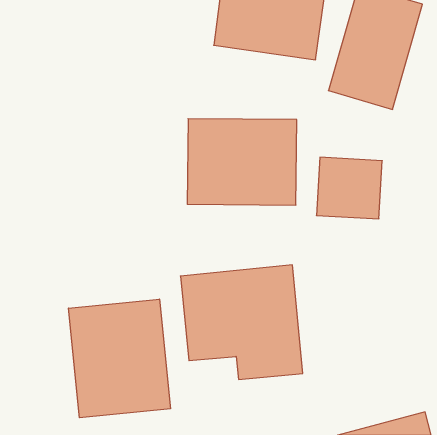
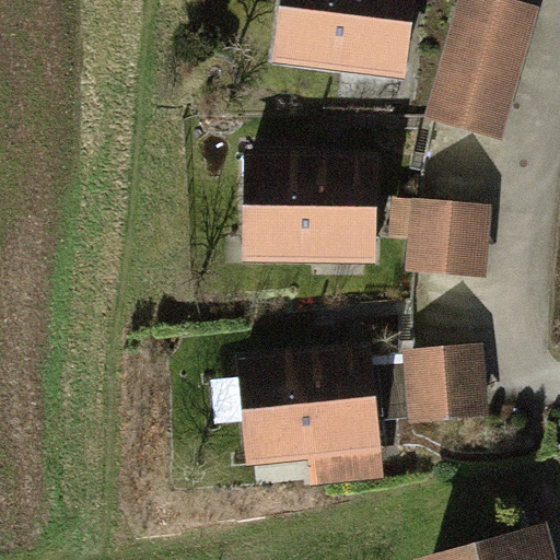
building: none -> [405,342,480,418]
building: [69,299,170,418] -> none

